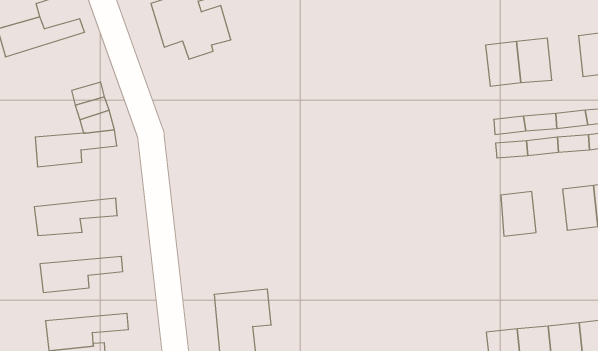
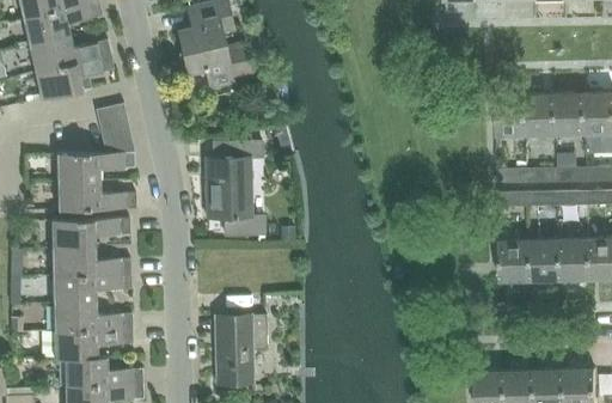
building: none -> [35,55,115,100]
building: none -> [556,94,587,135]
building: none -> [207,141,265,242]
building: none -> [57,179,136,209]
building: none -> [530,240,561,280]
building: none -> [53,246,131,274]
building: none -> [54,300,133,329]

